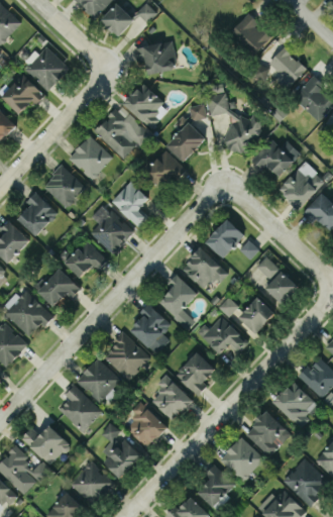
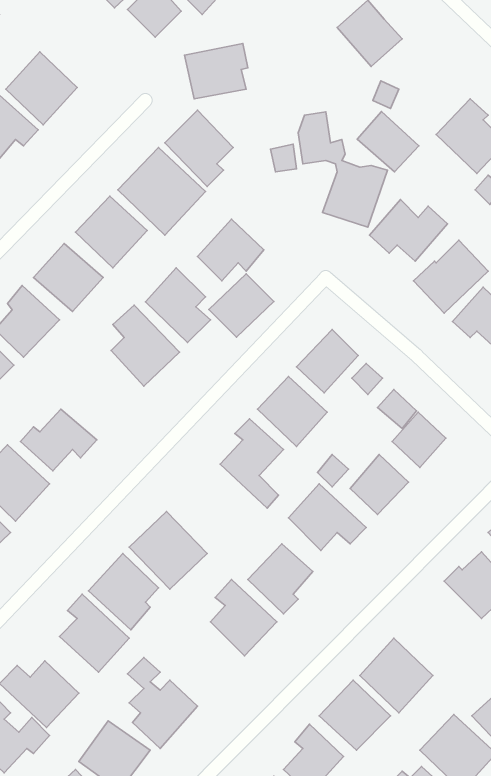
building: [268,46,307,84] -> [357,112,419,172]
building: [166,122,207,162] -> [209,274,274,337]
building: [65,239,108,278] -> none
building: [131,302,171,353] -> none
building: [273,381,319,427] -> none
building: [127,400,168,447] -> none

